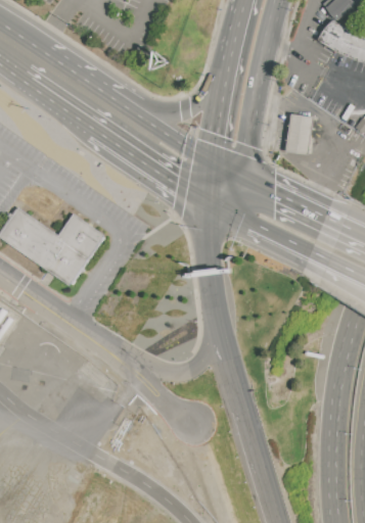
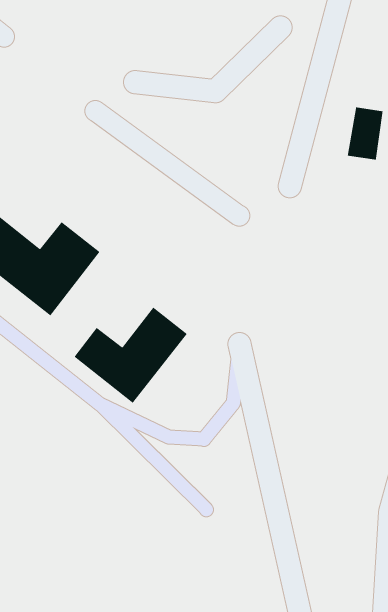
building: none -> [73,307,188,404]

